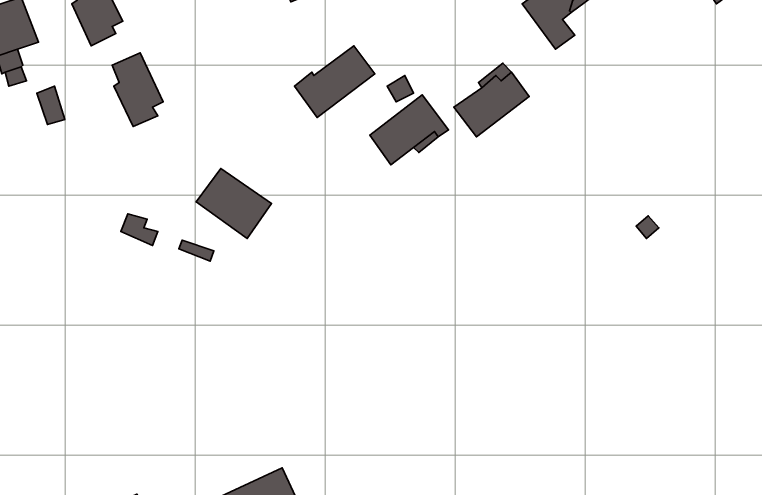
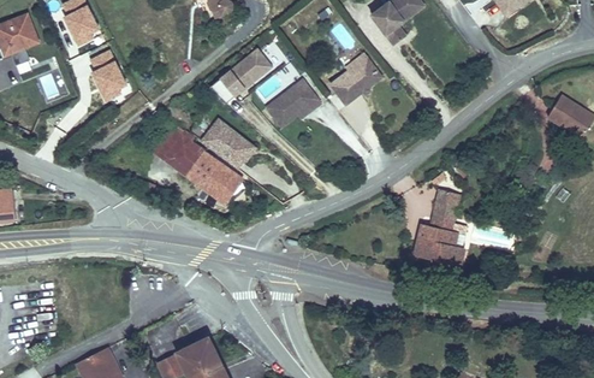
building: none -> [204,118,257,167]
building: none -> [184,153,239,206]
building: none -> [408,188,458,264]

